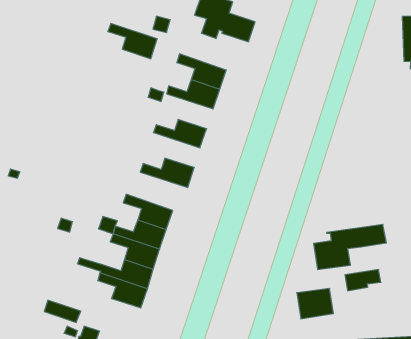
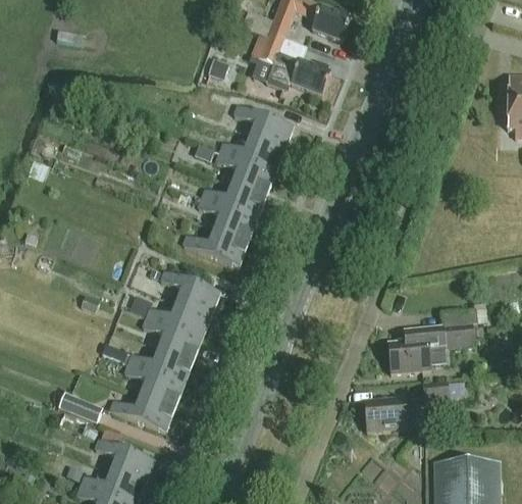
building: [108,24,157,59] -> [215,152,274,197]
building: none -> [198,198,256,243]
building: none -> [109,395,174,432]

